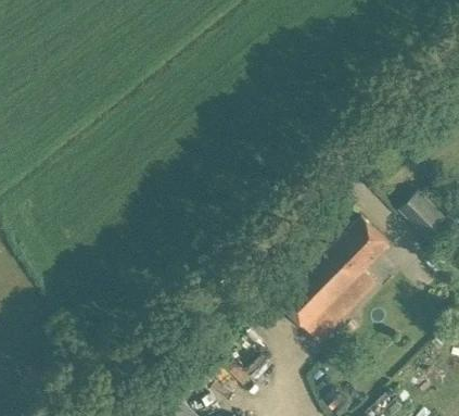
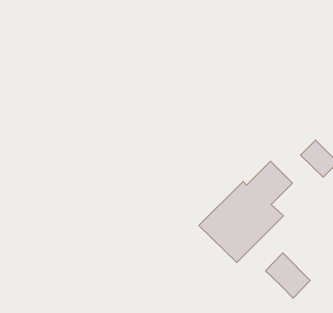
building: none -> [266,253,310,298]

